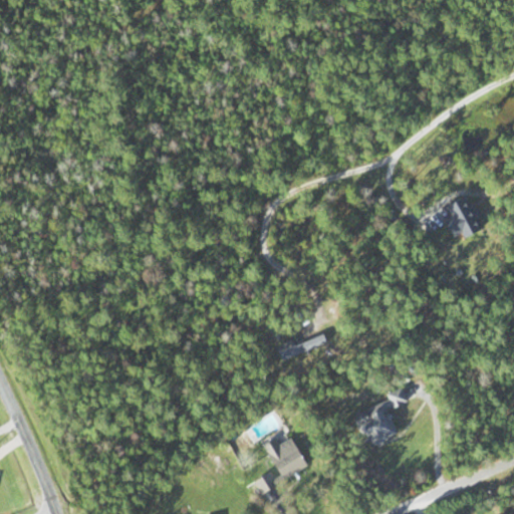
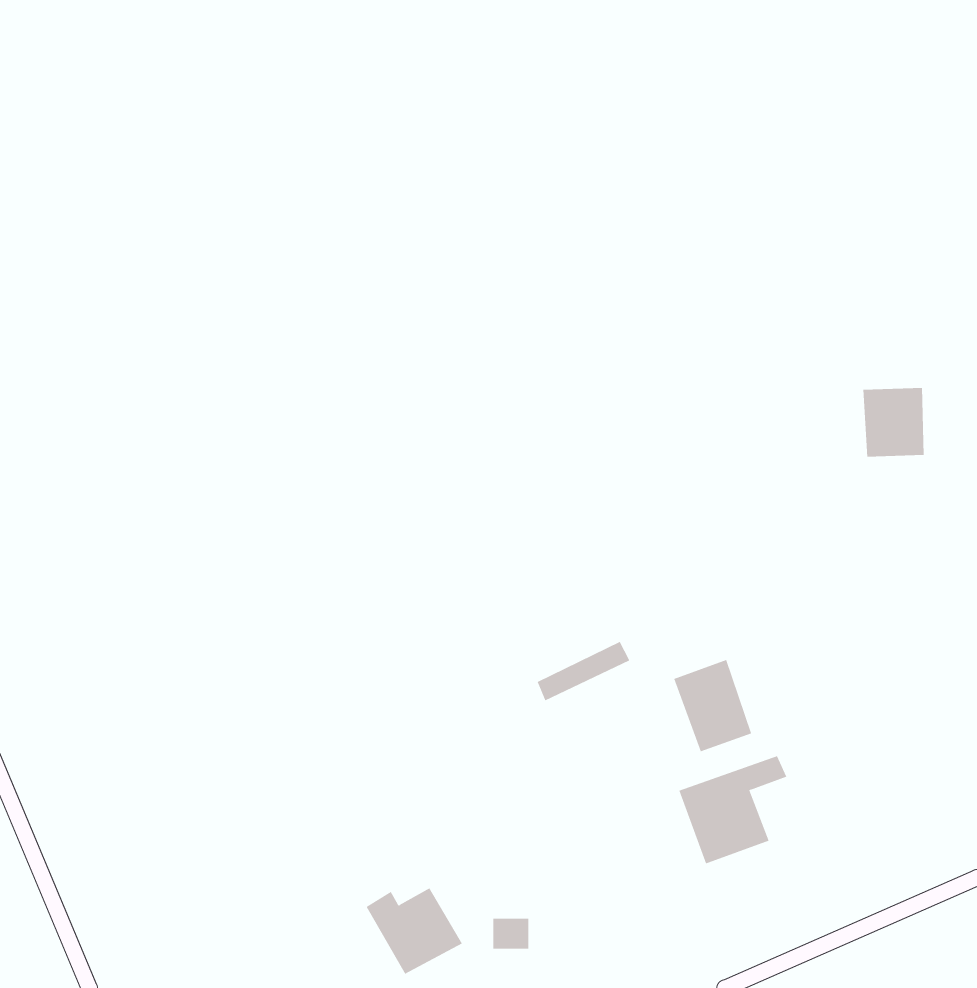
building: none -> [673,659,752,752]
building: [262,435,312,480] -> [366,887,463,975]

